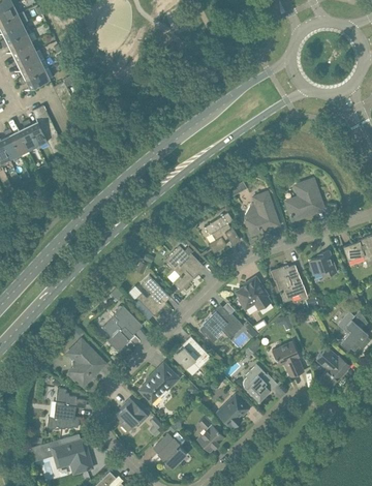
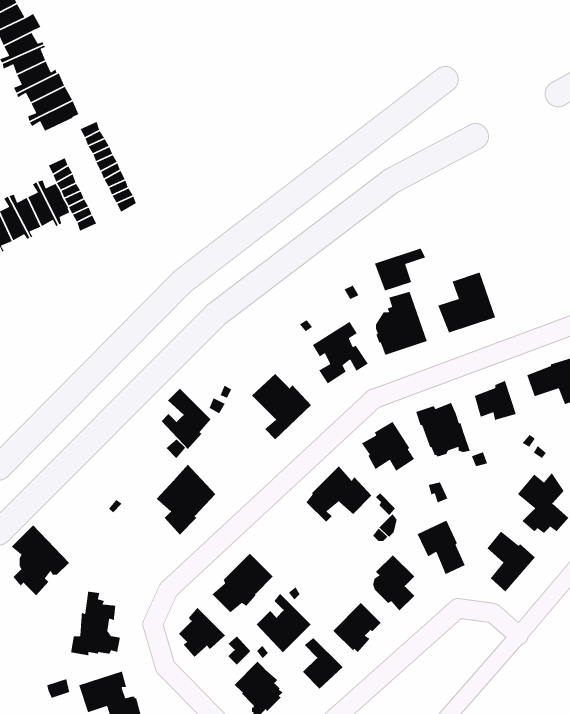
building: none -> [374,247,426,291]
building: [136,276,169,316] -> [161,388,212,450]
building: [175,336,211,375] -> [256,593,312,653]
building: [67,339,105,386] -> [11,525,70,596]

